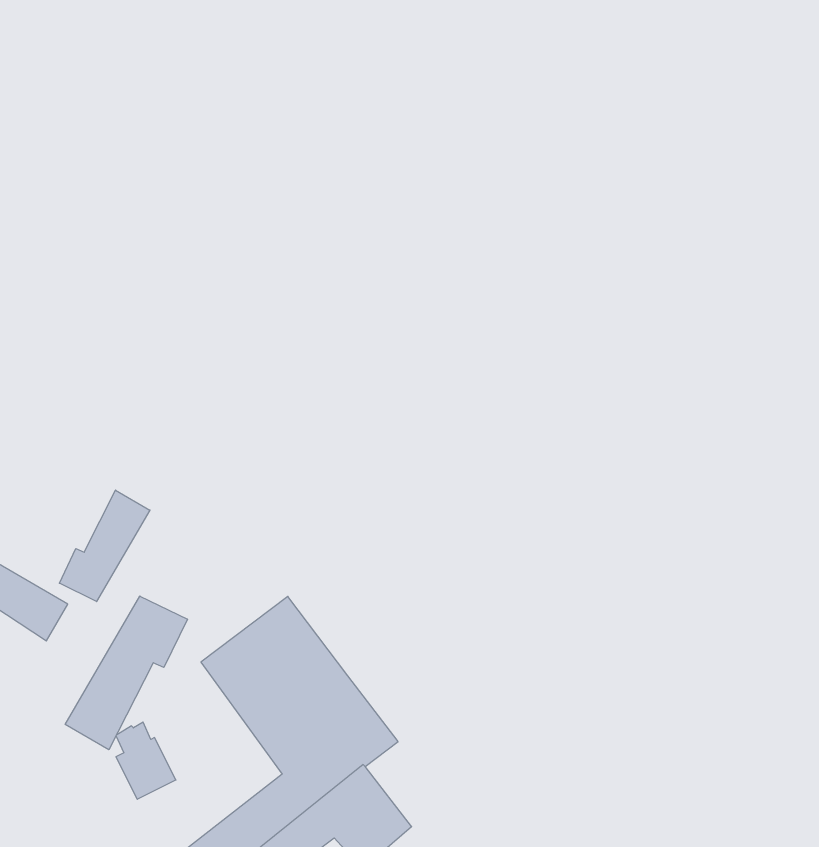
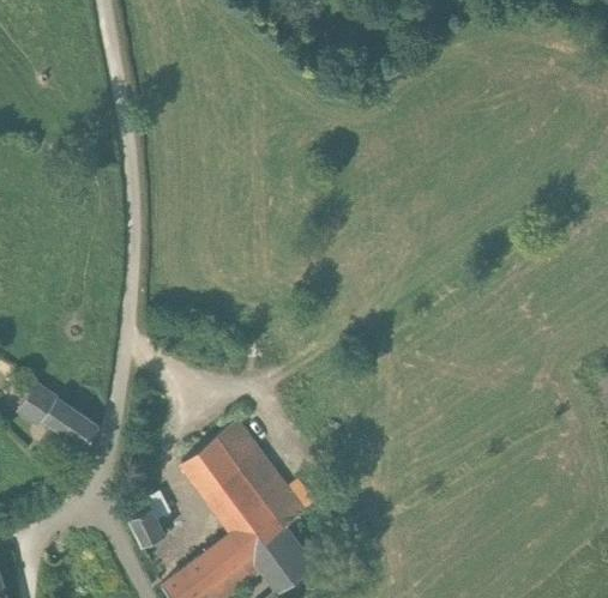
building: [59,490,150,602] -> none
building: [65,596,187,750] -> none

